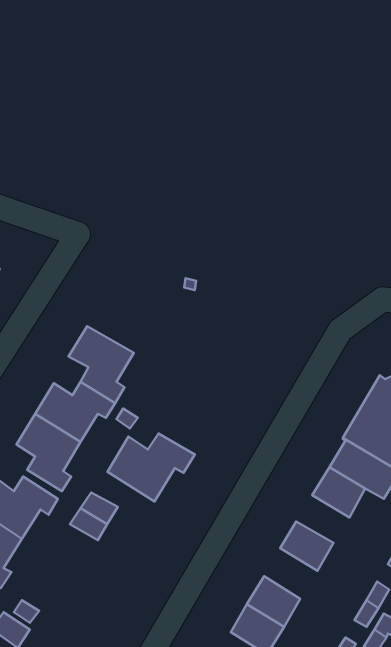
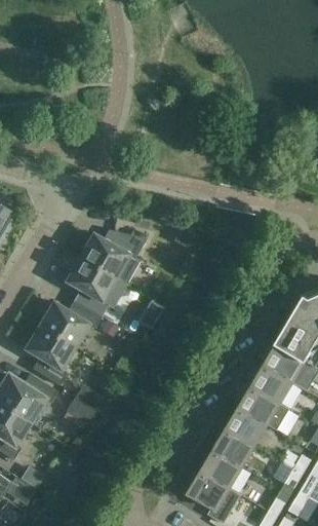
building: none -> [78,232,145,278]
building: [107,433,195,501] -> none
building: none -> [239,388,280,425]
building: none -> [214,429,255,468]

